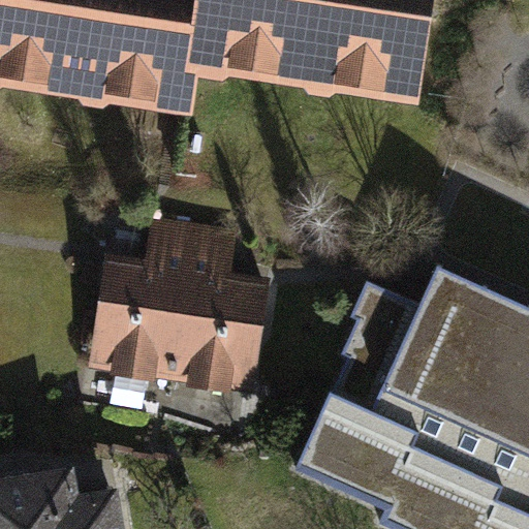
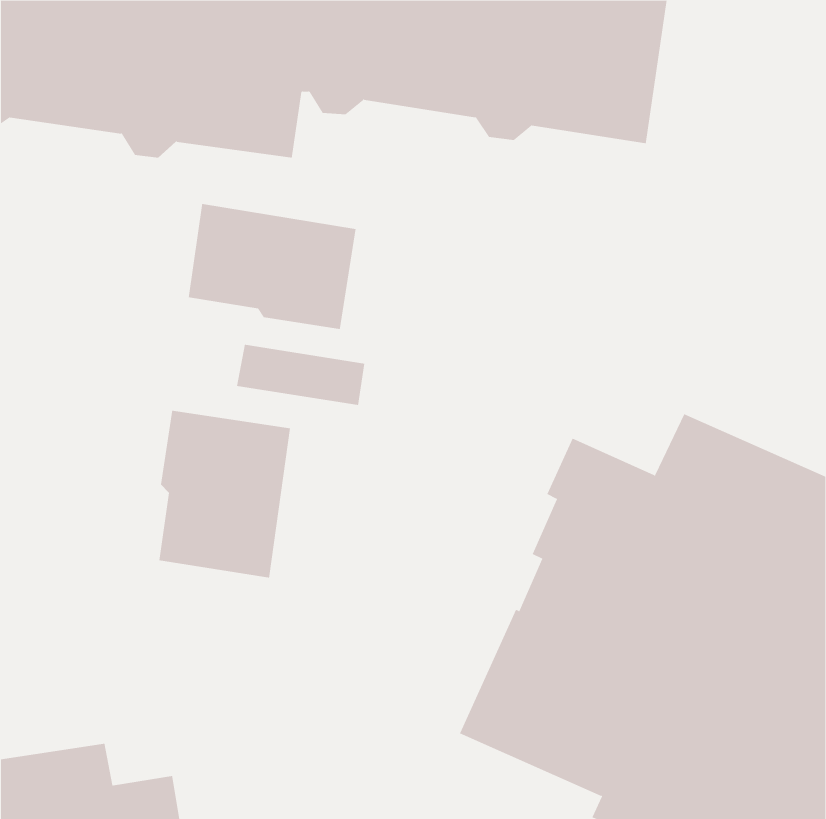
building: none -> [188,203,356,330]
building: [173,278,264,384] -> none

